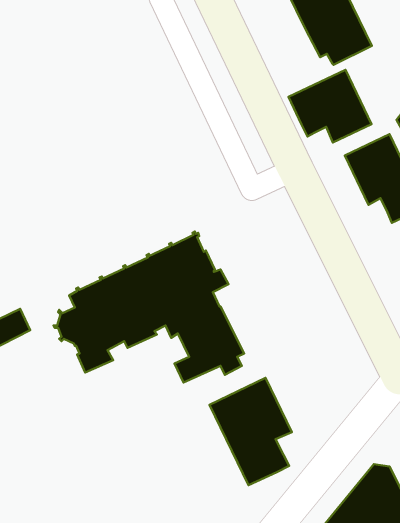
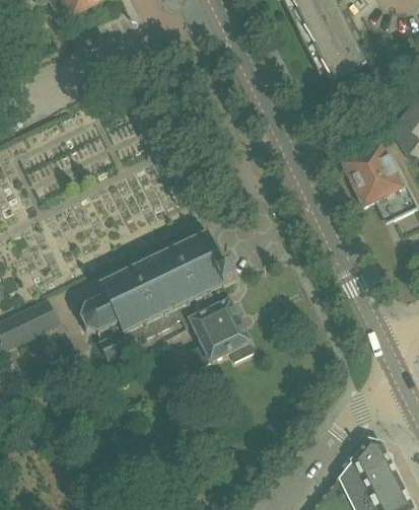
building: [289,70,371,142] -> none
building: [210,378,292,485] -> none

